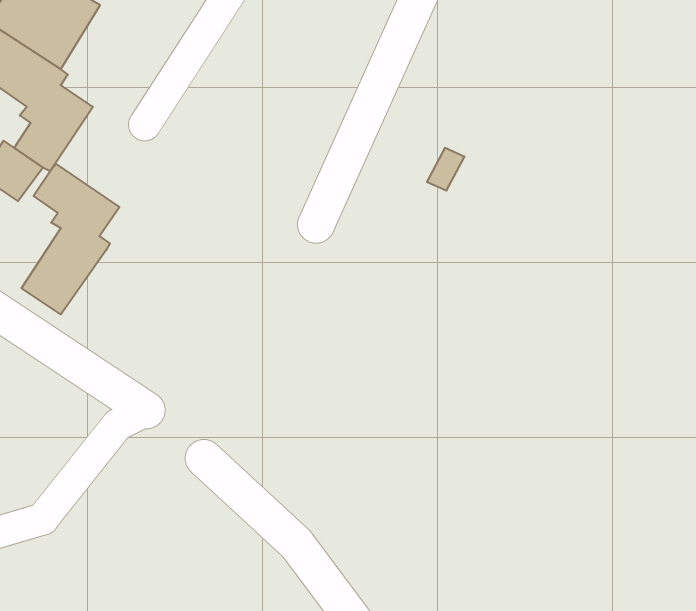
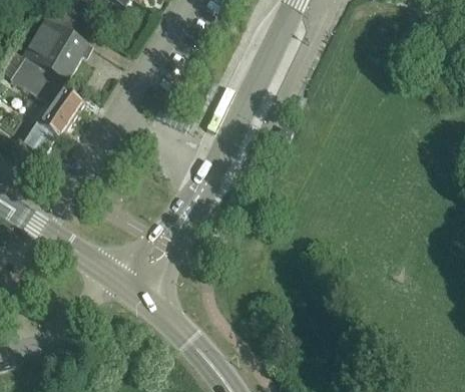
building: [22,164,119,314] -> none

